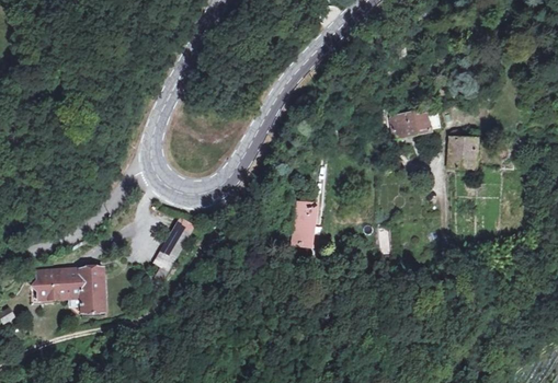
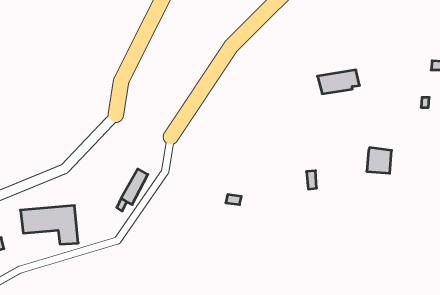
building: [448,136,478,166] -> [367,148,392,173]
building: [293,201,314,243] -> none

